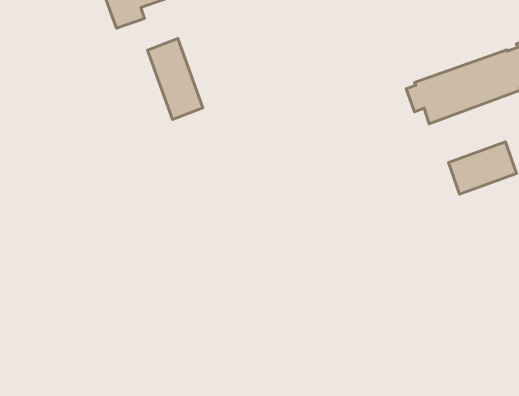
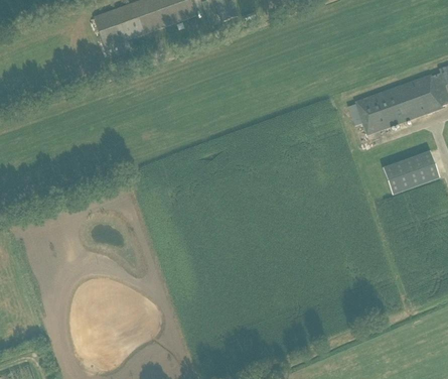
building: [147,38,203,119] -> none

